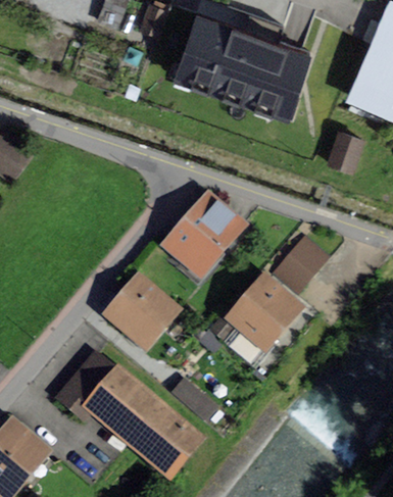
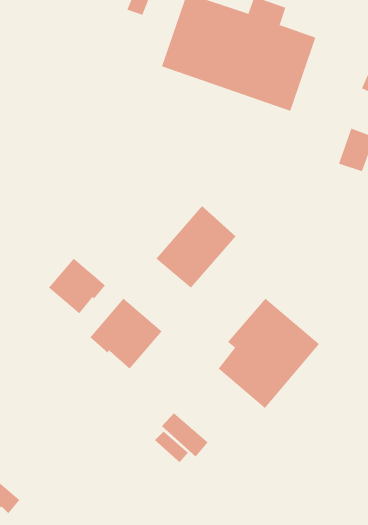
building: [269,237,325,292] -> none
building: none -> [48,258,106,314]
building: [60,355,197,474] -> none

